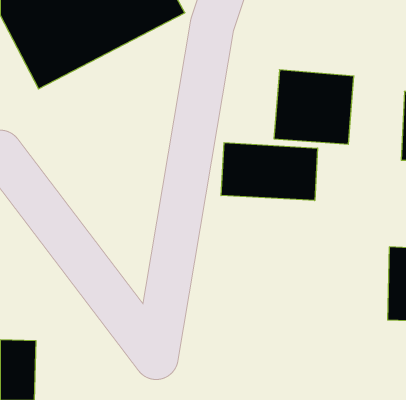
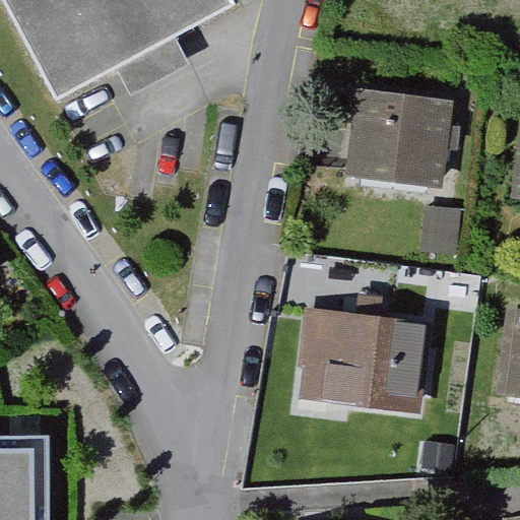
building: [221,143,318,201] -> none
building: none -> [294,303,426,411]

